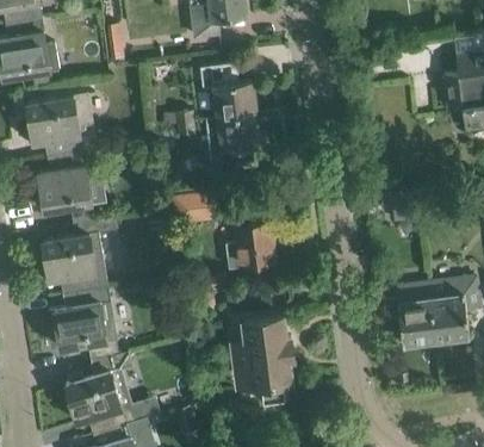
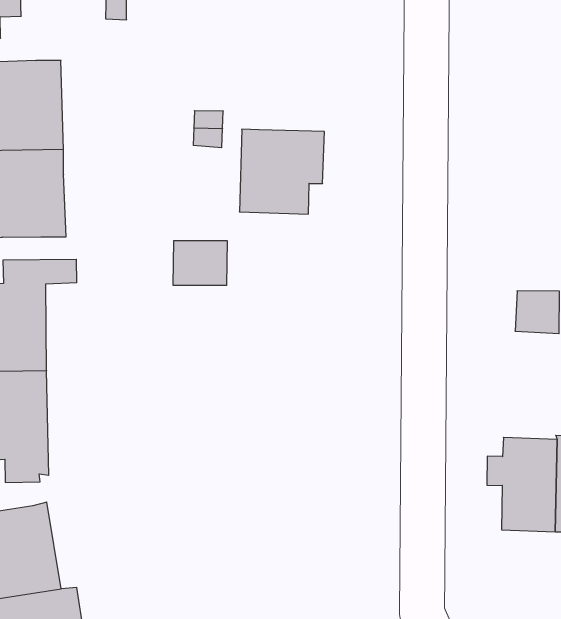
building: [200,64,257,119] -> none
building: [224,222,277,271] -> none
building: [229,317,292,405] -> none

